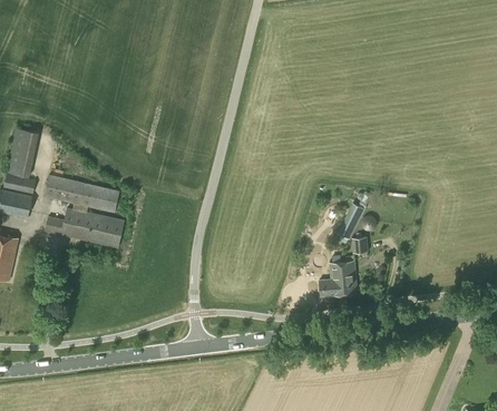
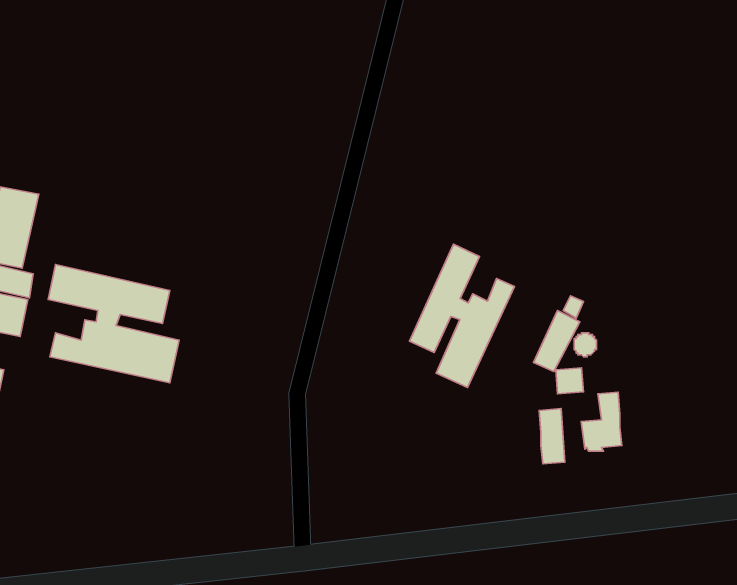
building: none -> [409,244,515,388]
building: [319,263,343,299] -> [581,392,622,451]

